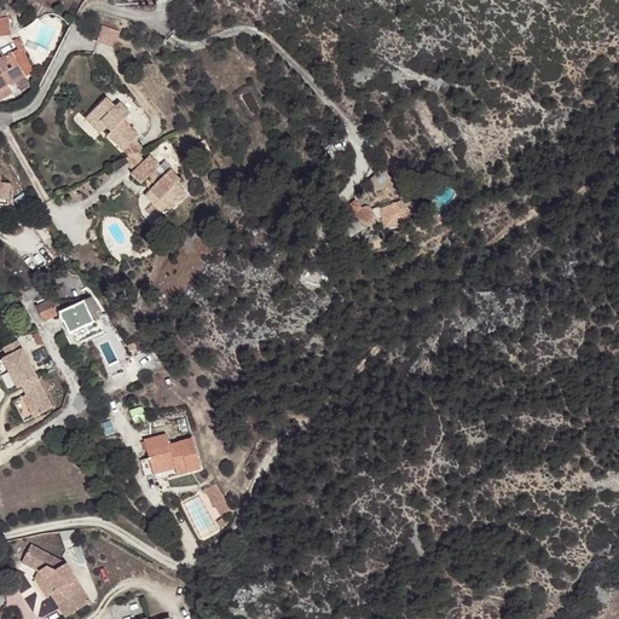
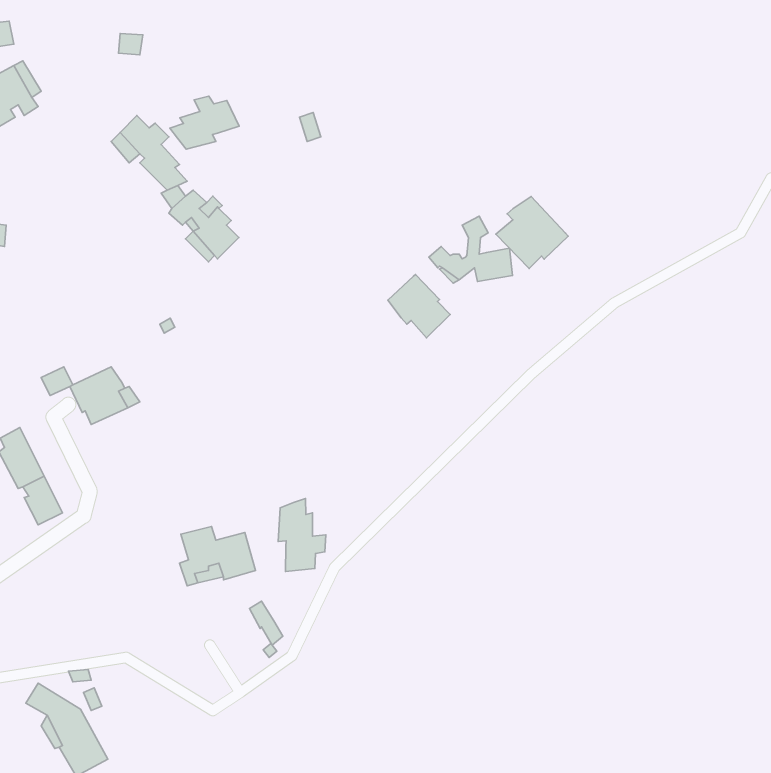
building: none -> [170,96,239,149]
building: none -> [496,197,568,268]
building: none -> [388,274,450,338]
building: none -> [278,499,326,572]

